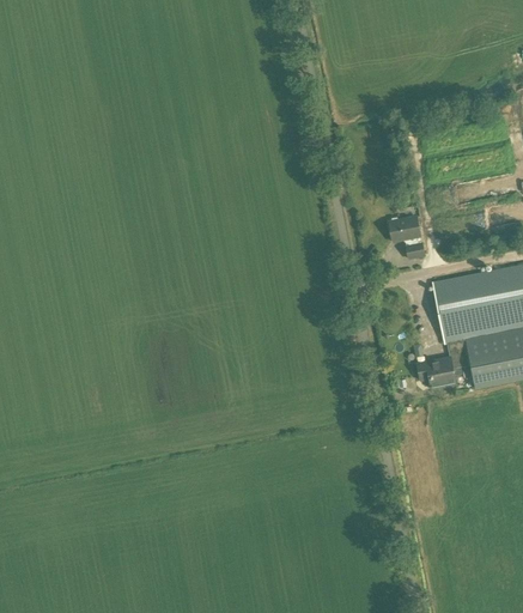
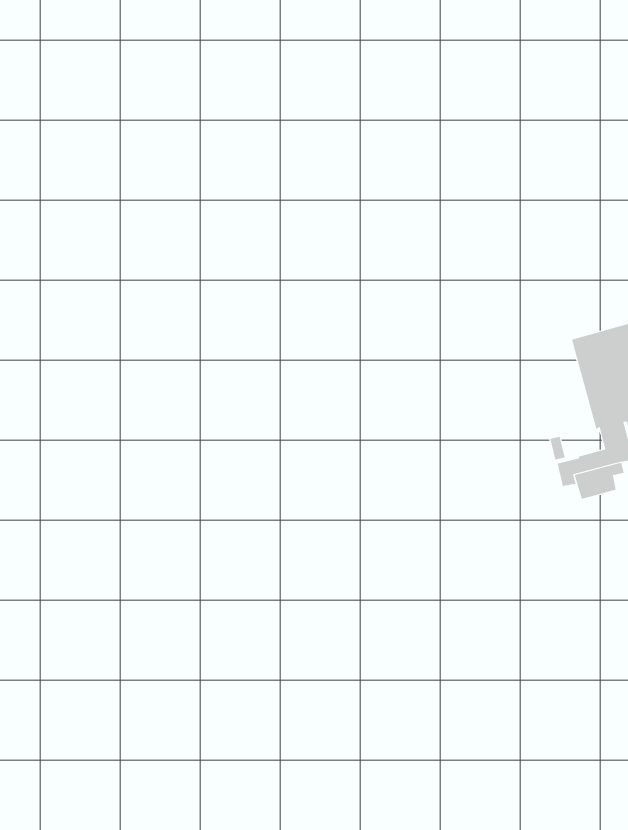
building: [388,214,424,257] -> none

